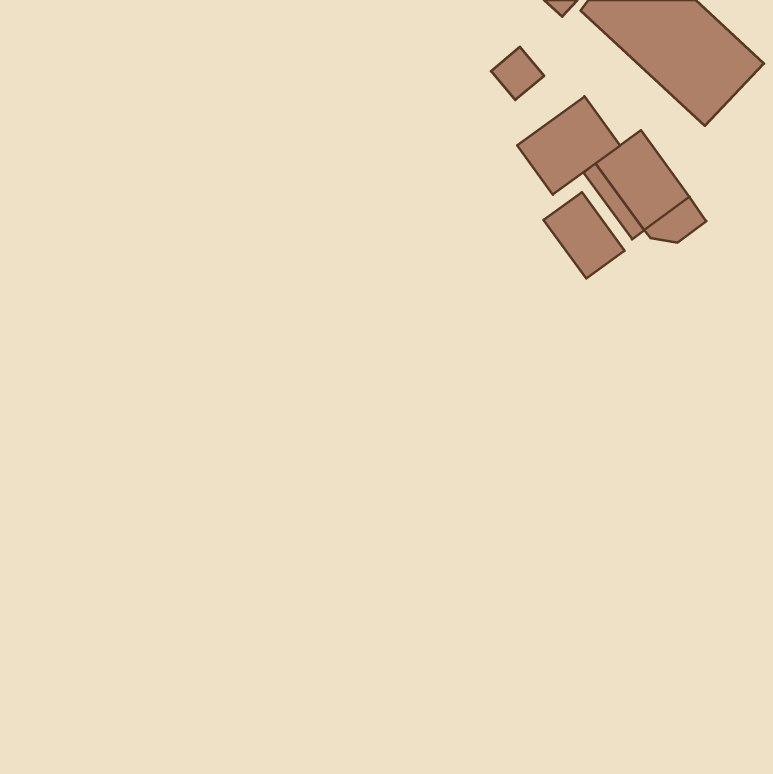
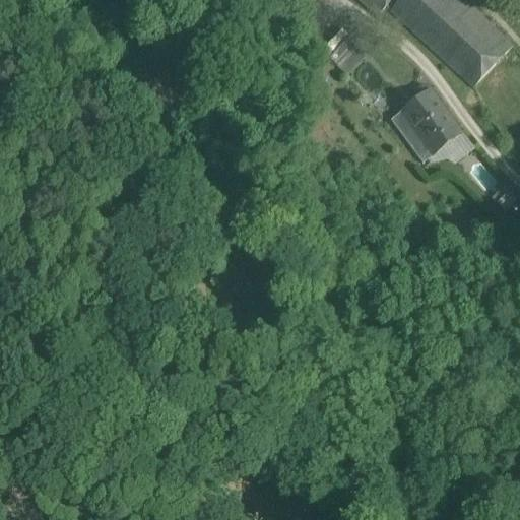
building: [517,96,620,195] -> none
building: [544,192,624,278] -> none

